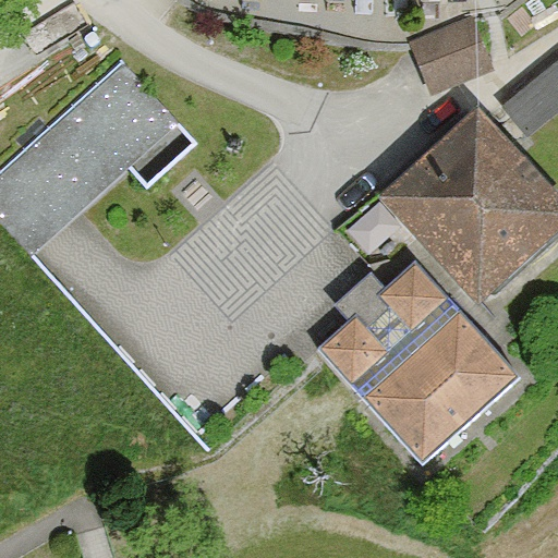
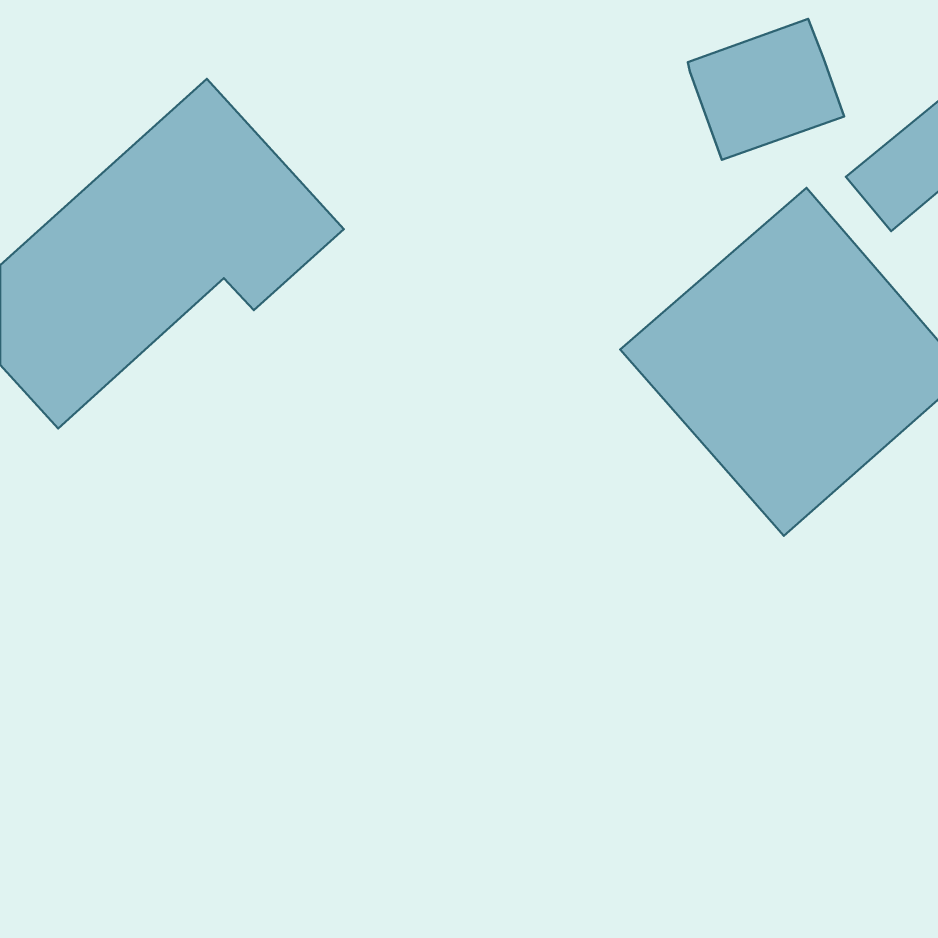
building: [319,264,517,462] -> none

